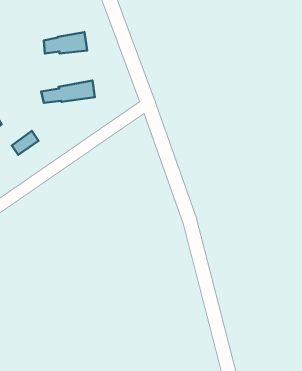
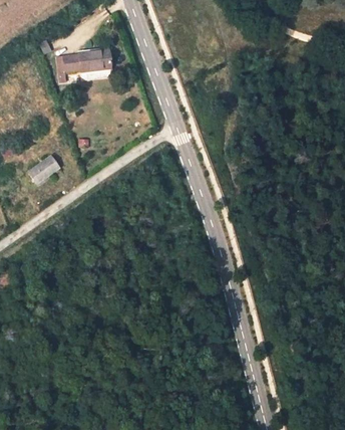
building: [41,81,95,103] -> none

